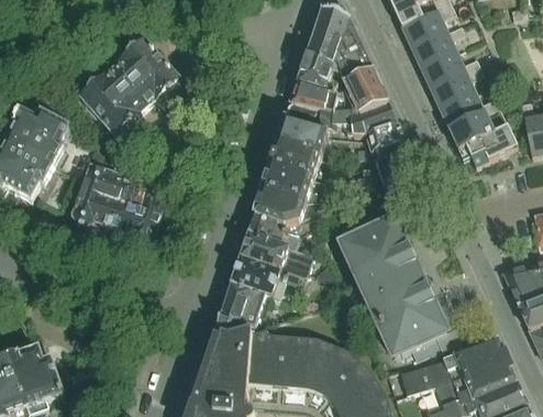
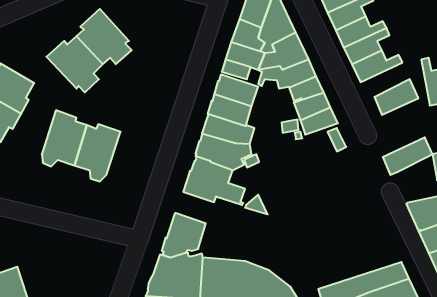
building: [448,105,507,149] -> [383,137,432,175]
building: [342,220,461,358] -> none
building: [232,256,310,296] -> none

